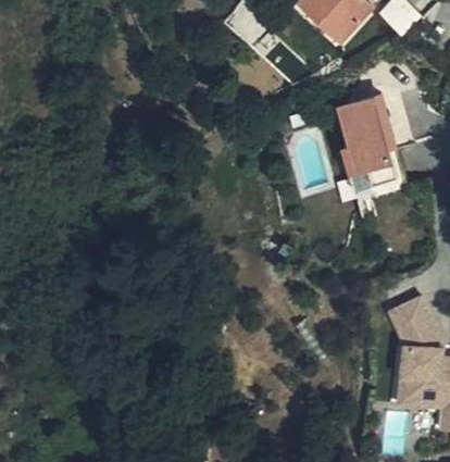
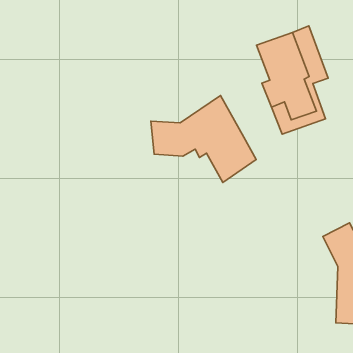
building: none -> [151,95,256,183]

